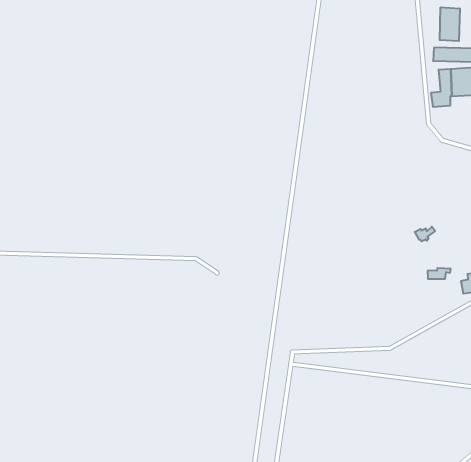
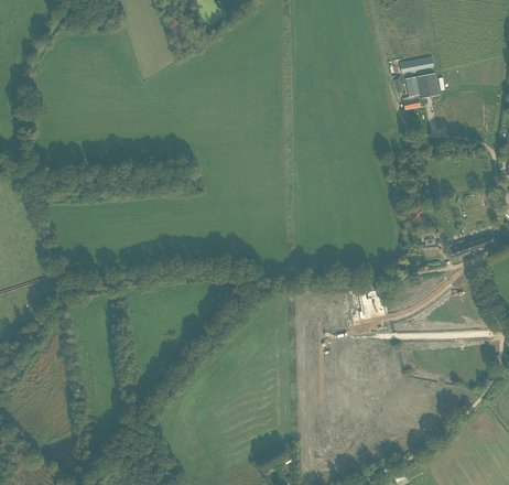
building: [440,7,460,41] -> none

